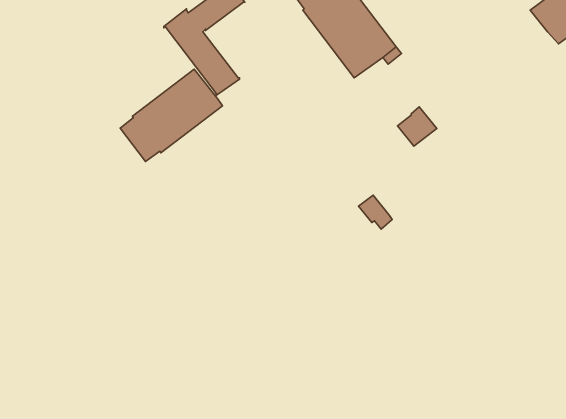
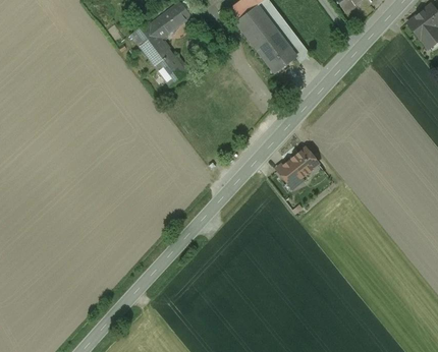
building: [120,69,223,161] -> none
building: [398,107,437,146] -> [288,146,318,176]

